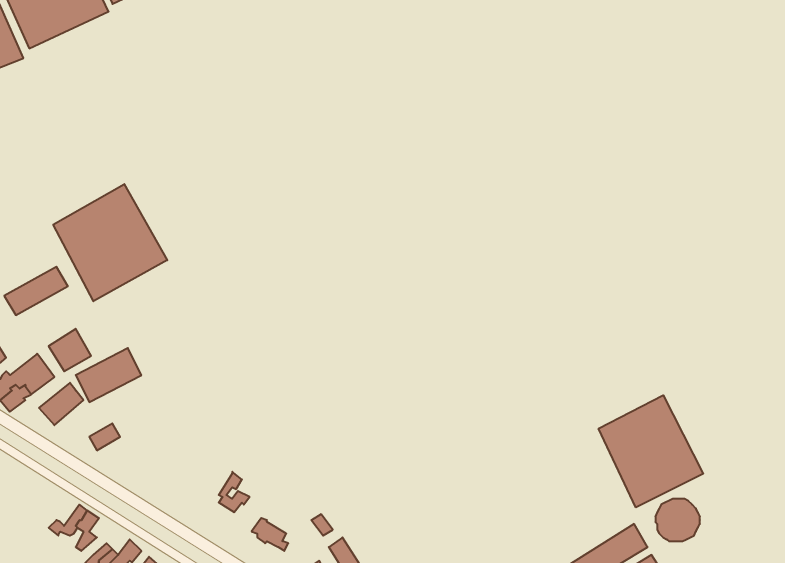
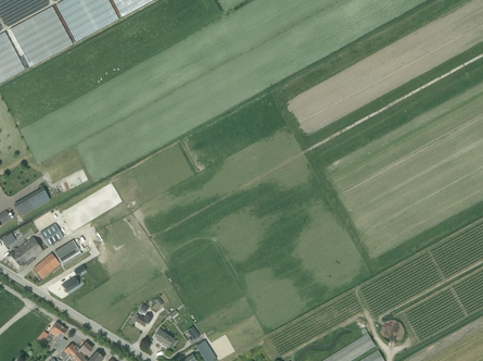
building: [53,184,167,301] -> none
building: [599,395,703,507] -> none

